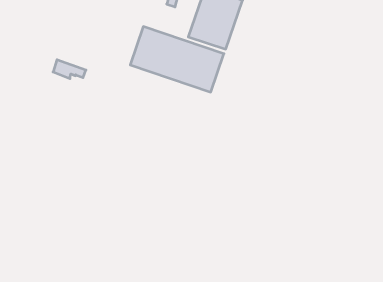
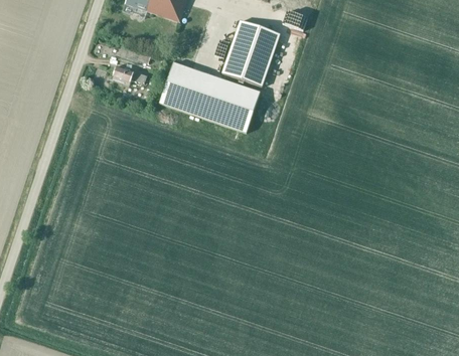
building: [53,60,86,79] -> [112,64,147,84]

